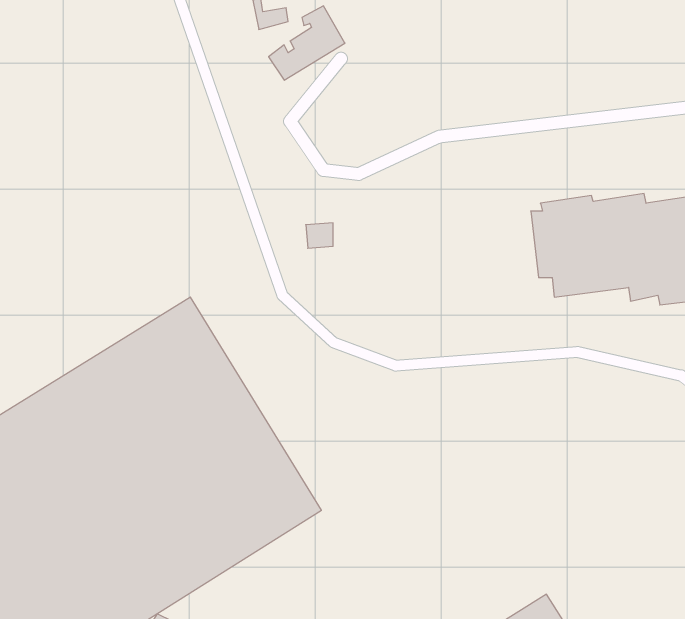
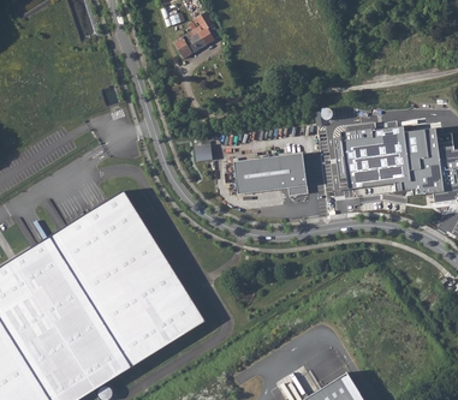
building: none -> [233,154,308,196]

